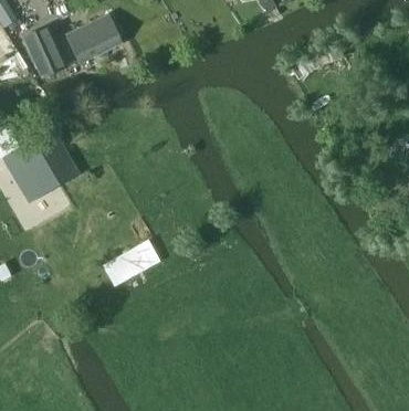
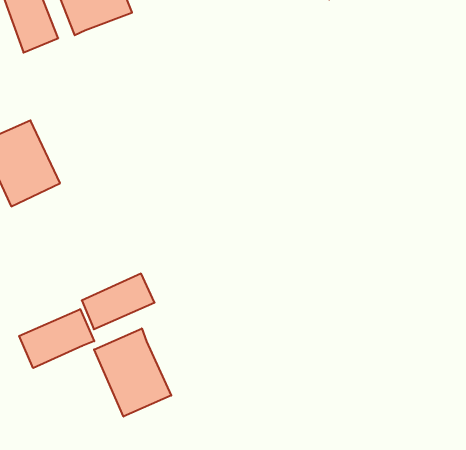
building: none -> [19,309,94,368]
building: none -> [94,328,171,417]

